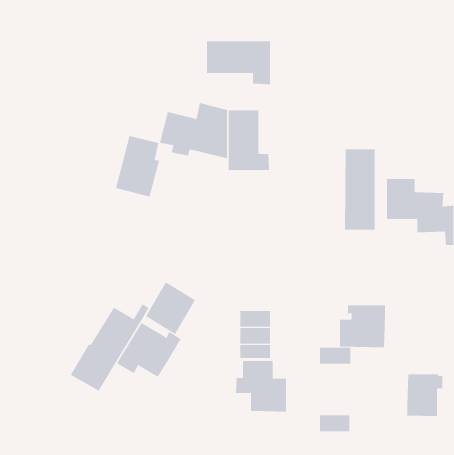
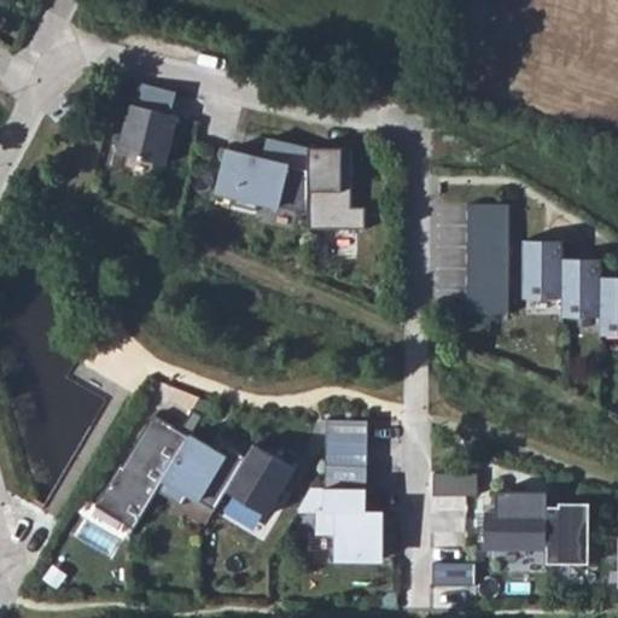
building: [206,41,271,85] -> none
building: [115,136,160,197] -> [116,84,176,168]
building: [145,281,196,335] -> [226,445,295,518]
building: [339,305,386,348] -> [488,492,550,550]

